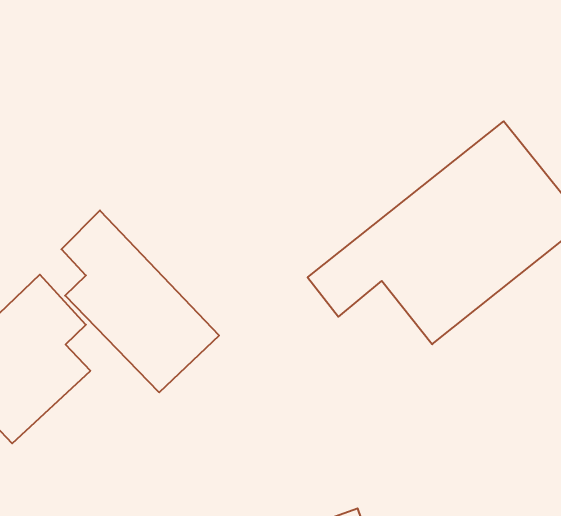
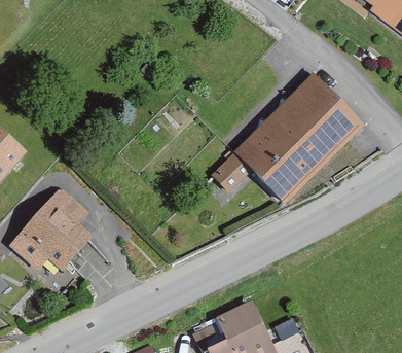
building: [61,210,219,392] -> none

